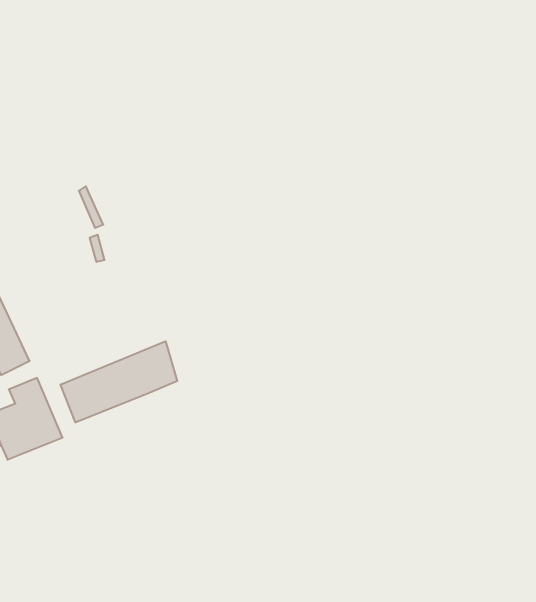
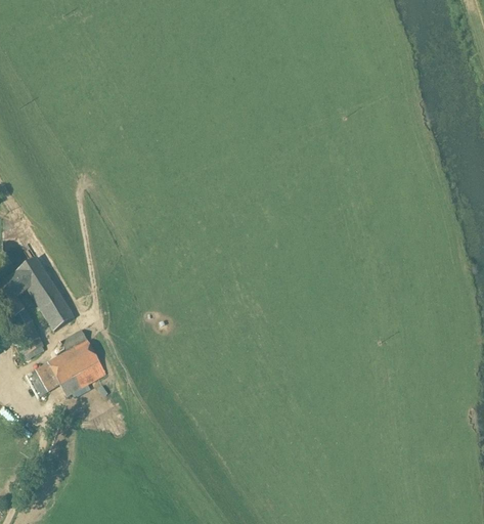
building: [61,341,177,422] -> none

